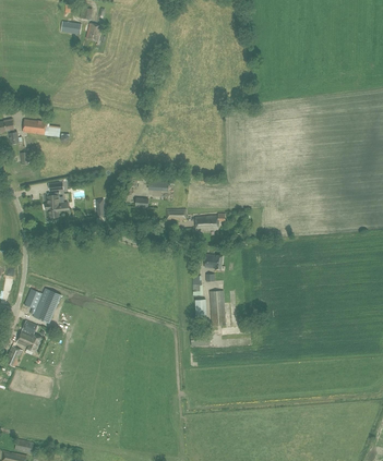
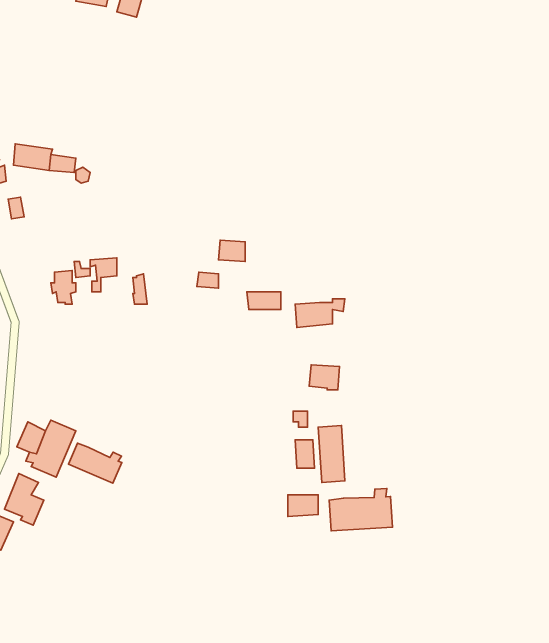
building: none -> [69,443,122,483]
building: none -> [329,489,393,531]

